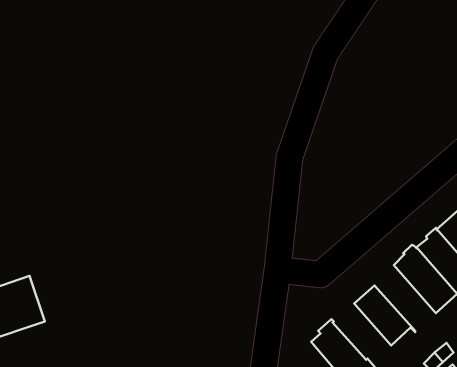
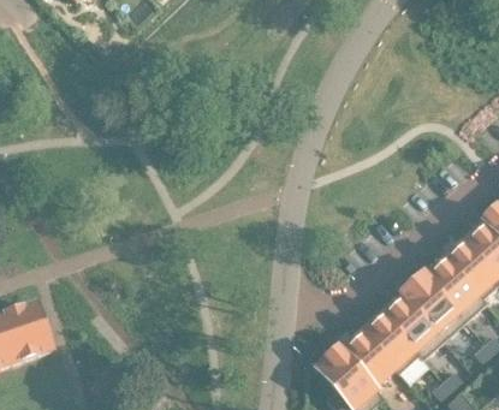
building: none -> [379,292,441,358]
building: none -> [338,331,397,387]

